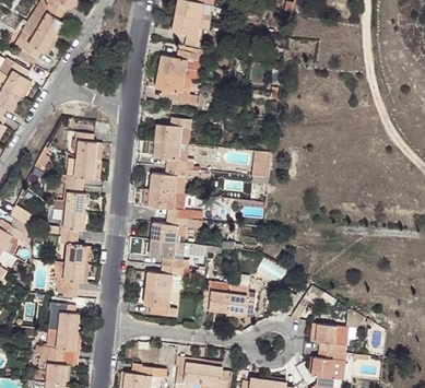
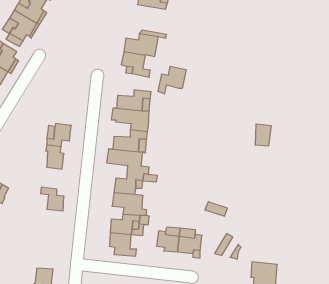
building: [173,15,210,47] -> none
building: none -> [158,66,186,94]
building: [75,131,98,161] -> none
building: [253,149,273,175] -> [255,124,271,146]
building: [60,211,85,237] -> none
building: [50,261,86,289] -> none
building: [54,306,75,333] -> none

